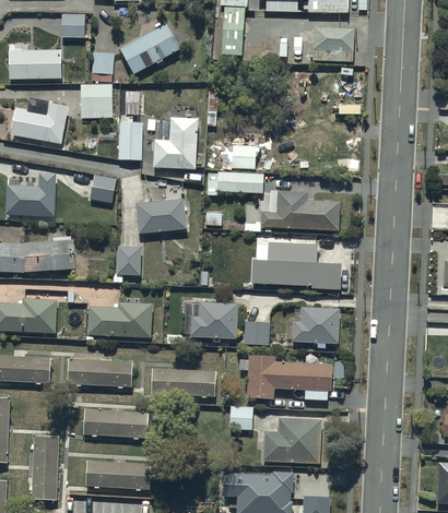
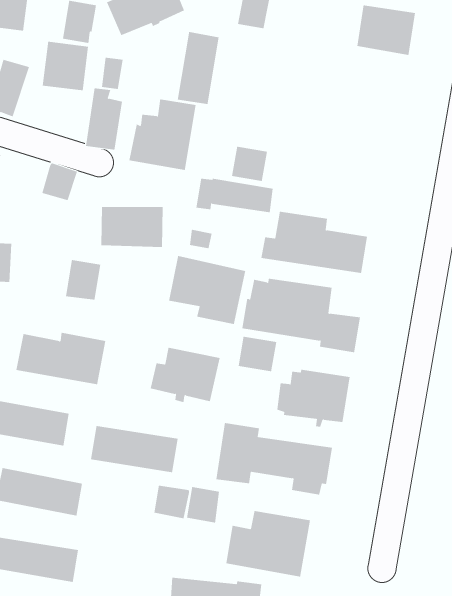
building: none -> [177,31,219,105]
building: none -> [168,255,246,325]
building: [243,321,270,345] -> [238,336,277,372]
building: none -> [154,485,190,519]

